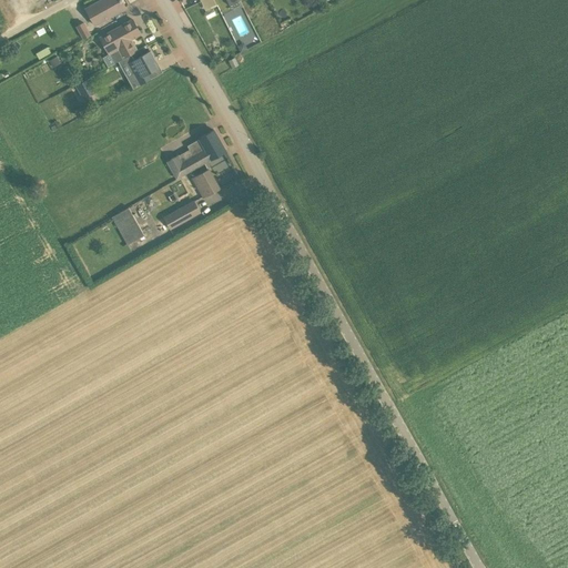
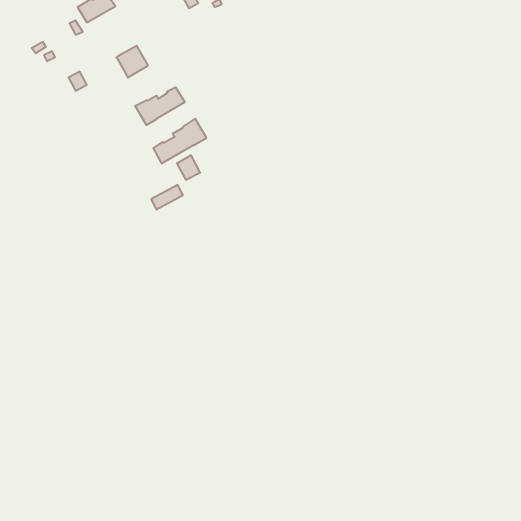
building: [99,19,140,61] -> none
building: none -> [135,87,185,125]
building: [110,206,143,244] -> none

